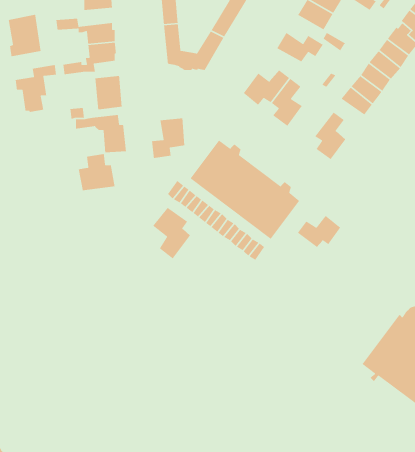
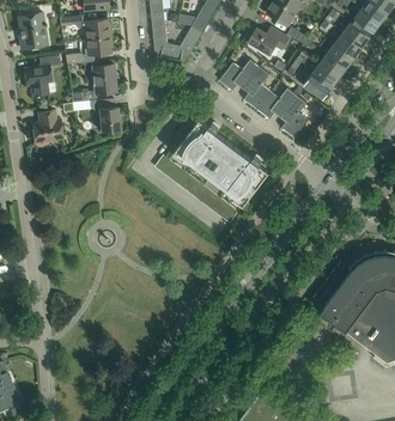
building: none -> [257,89,297,120]
building: [151,117,185,159] -> none
building: [78,153,116,191] -> [31,110,63,142]
building: [152,207,191,259] -> none
building: [297,215,341,248] -> none

